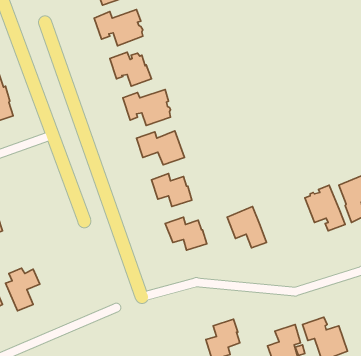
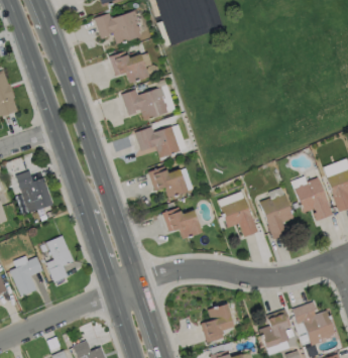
building: none -> [15,170,52,213]
building: none -> [259,195,294,239]
building: none -> [46,235,73,281]

